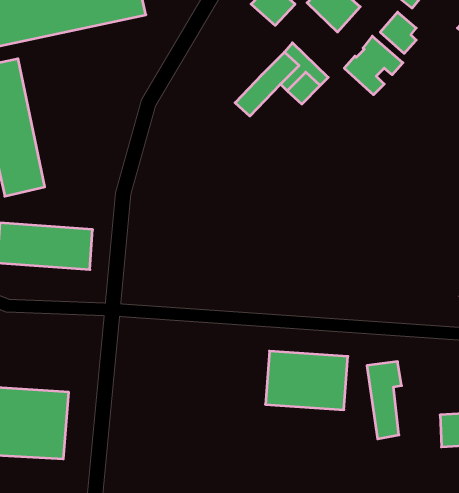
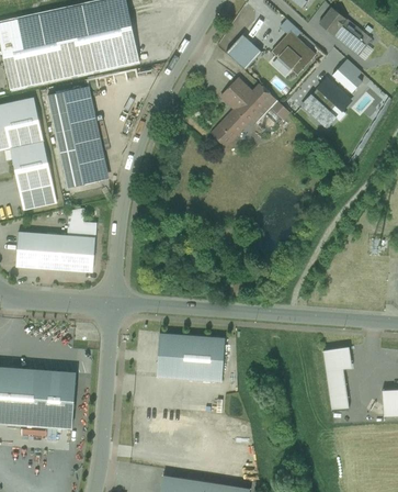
building: none -> [220,78,253,111]
building: none -> [48,87,109,188]
building: [265,351,348,410] -> [155,334,223,382]

